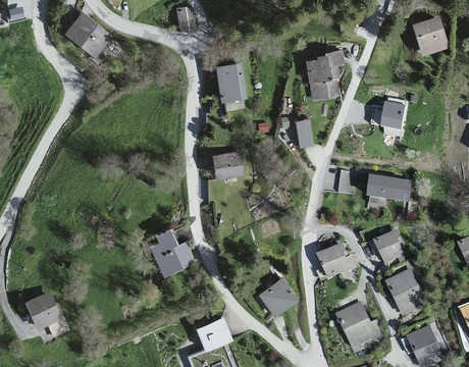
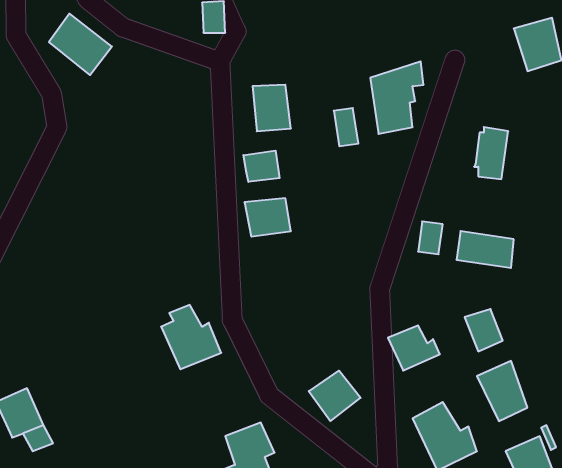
building: none -> [243,151,280,182]
building: [295,119,313,148] -> [334,108,358,146]

